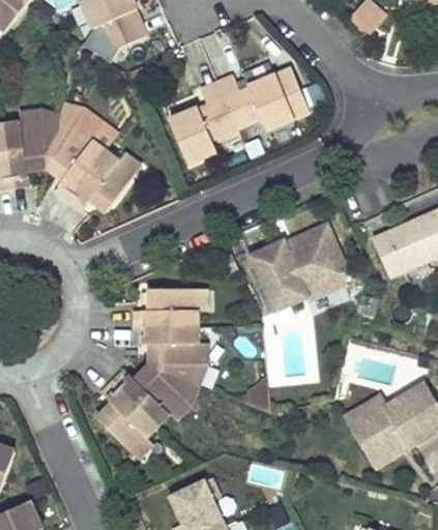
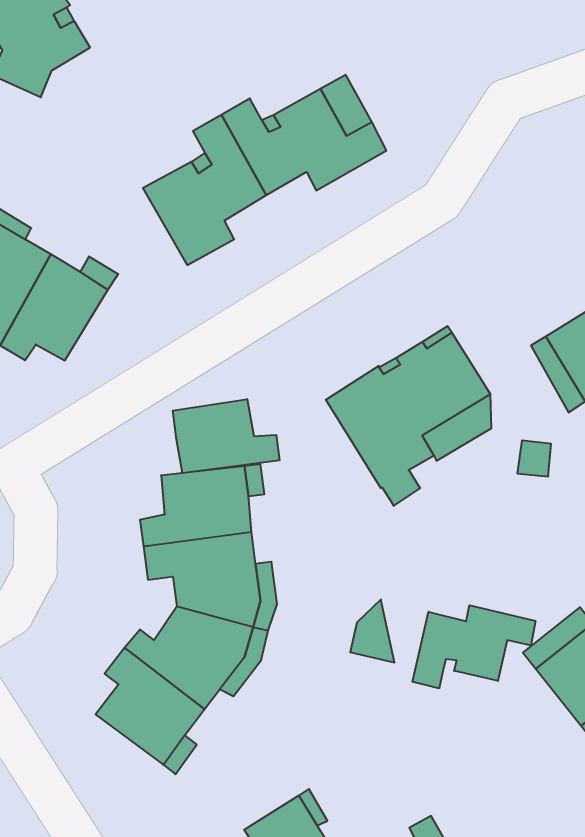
building: none -> [173,399,280,473]
building: none -> [412,605,535,688]

